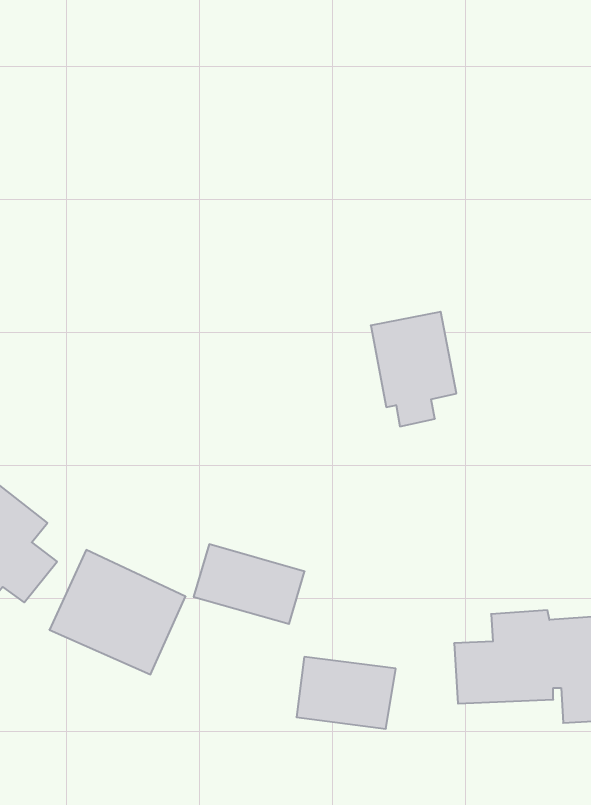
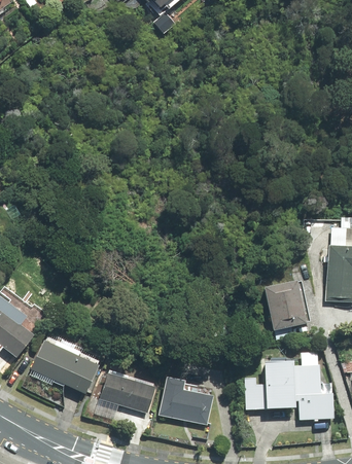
building: [371,312,456,426] -> [261,280,307,341]
building: [194,544,305,624] -> [98,371,156,414]

